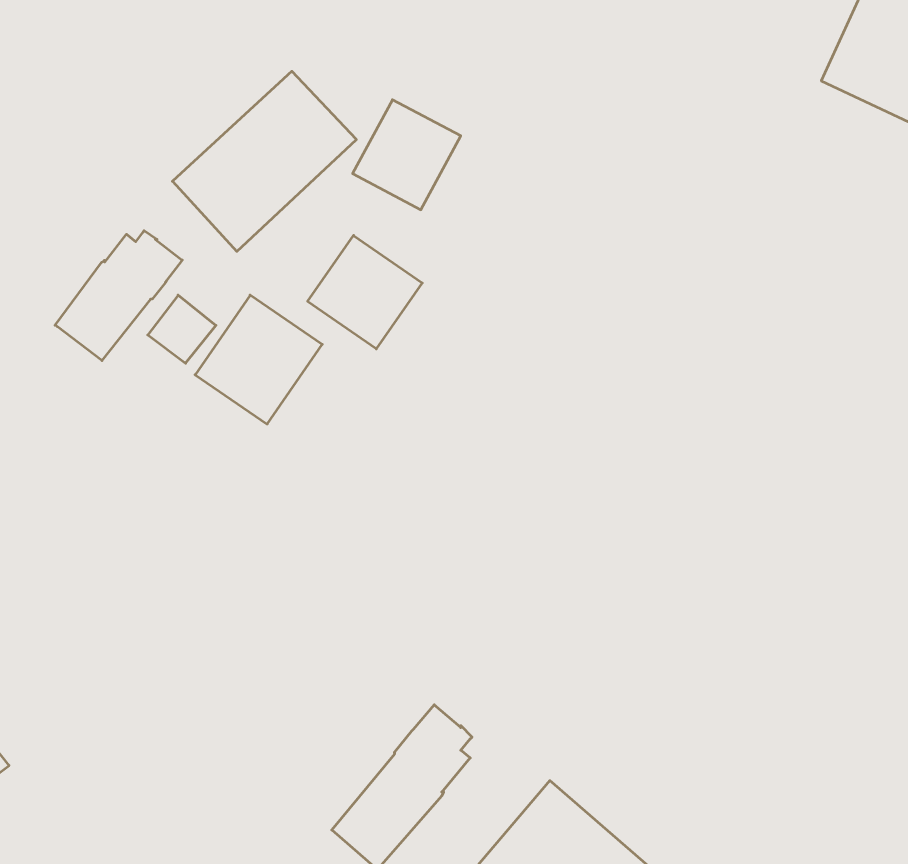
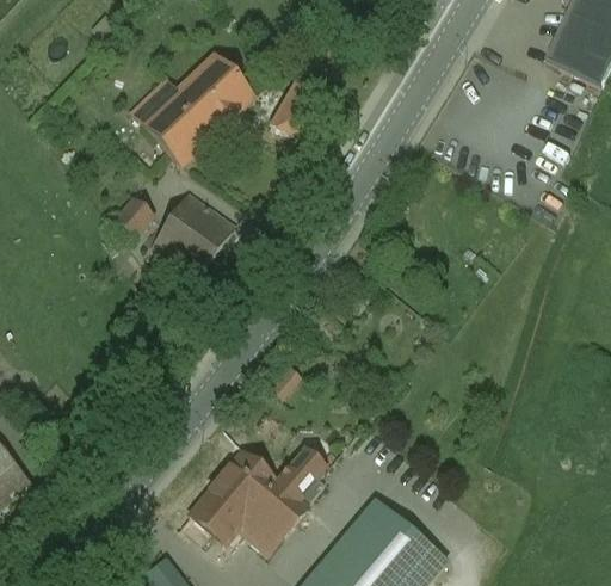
building: [55,231,182,361] -> none
building: [308,235,422,349] -> none
building: none -> [190,452,277,544]

